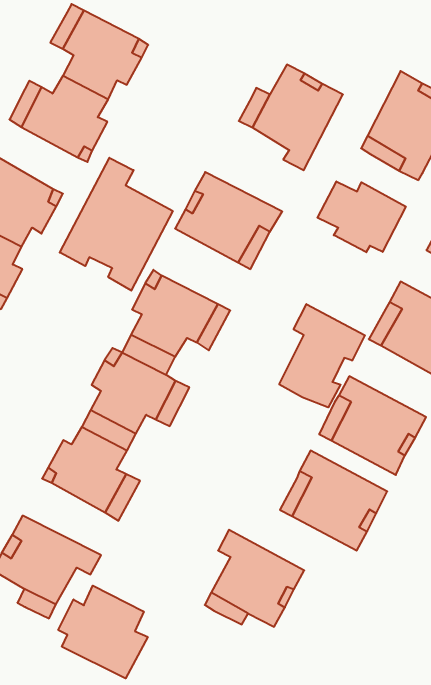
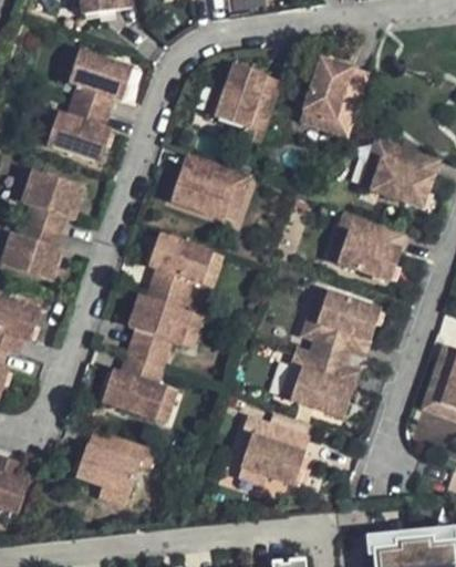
building: [60,158,173,291] -> none
building: [317,181,406,252] -> none
building: [279,304,365,407] -> none
building: [58,586,148,678] -> none

